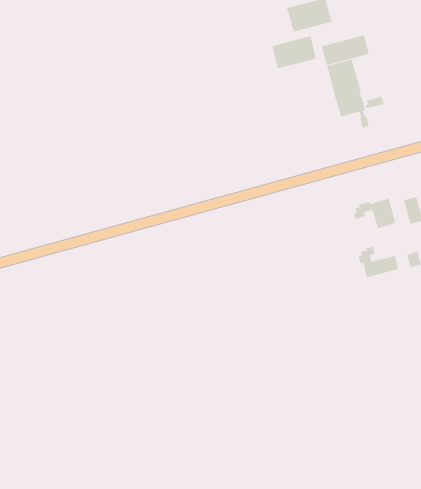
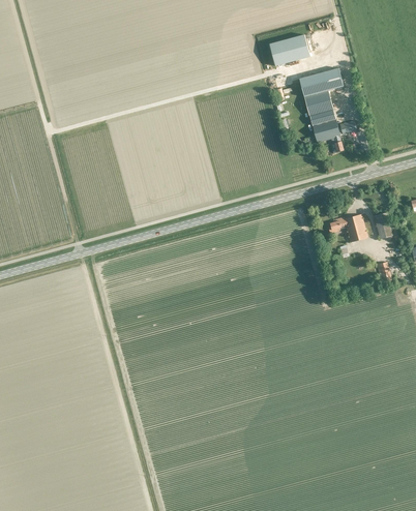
building: [272,35,316,69] -> none
building: [358,246,398,278] -> none

